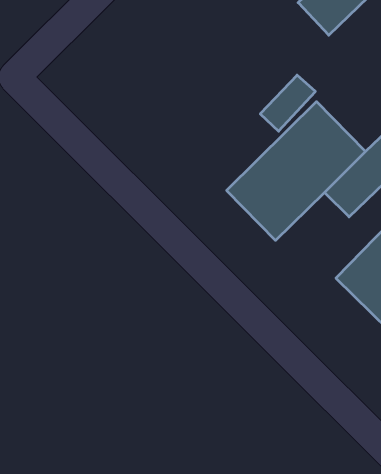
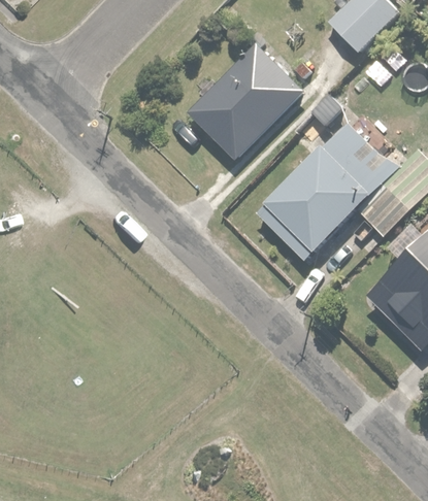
building: none -> [186,40,305,159]

